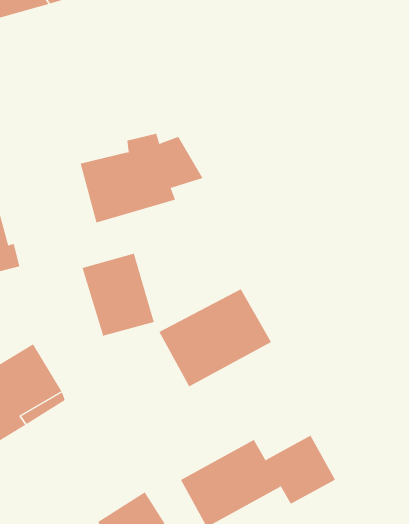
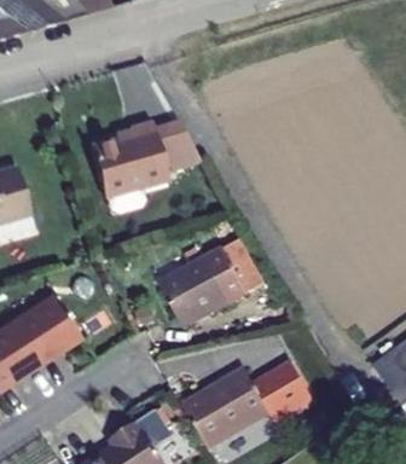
building: [82,253,154,336] -> none

